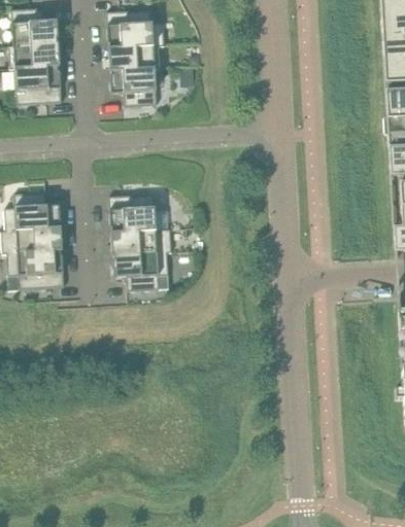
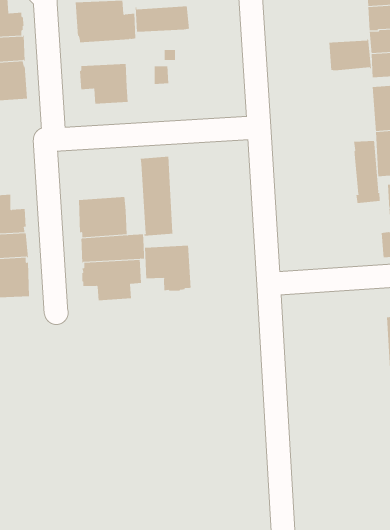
building: none -> [329,38,372,71]
building: [109,44,161,69] -> [135,6,190,32]
building: none -> [354,140,380,204]
building: none -> [140,156,174,236]
building: none -> [145,245,191,292]

